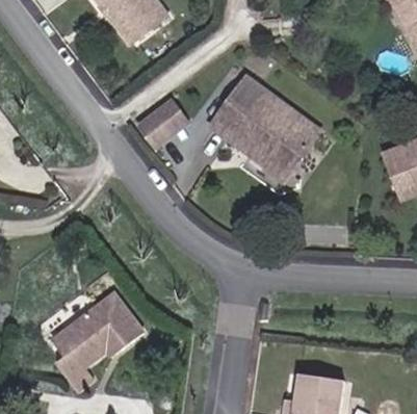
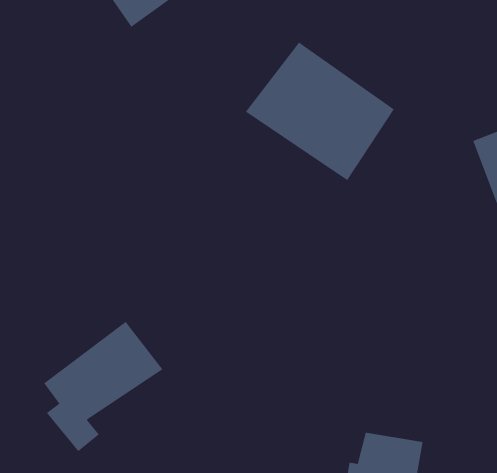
building: [137,97,191,150] -> none

